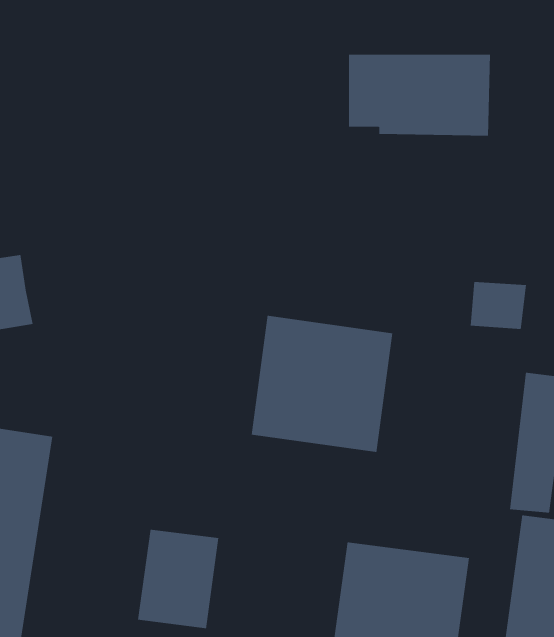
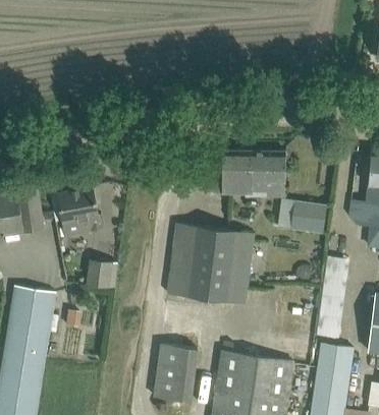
building: [348,54,491,136] -> [204,152,285,198]
building: none -> [51,187,103,237]
building: none -> [87,259,111,288]
building: [137,529,219,629] -> [151,345,198,402]

